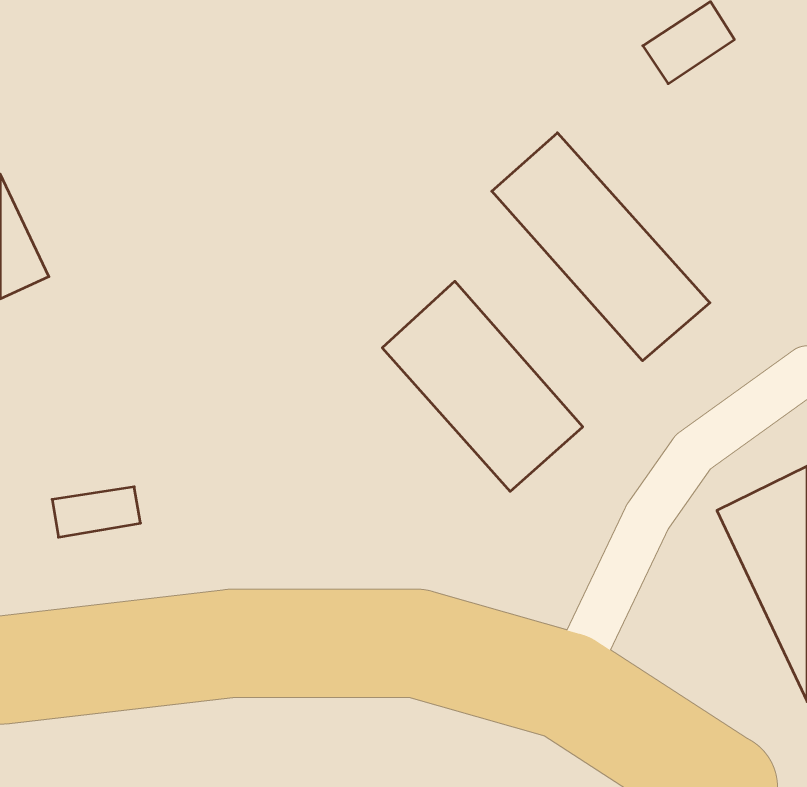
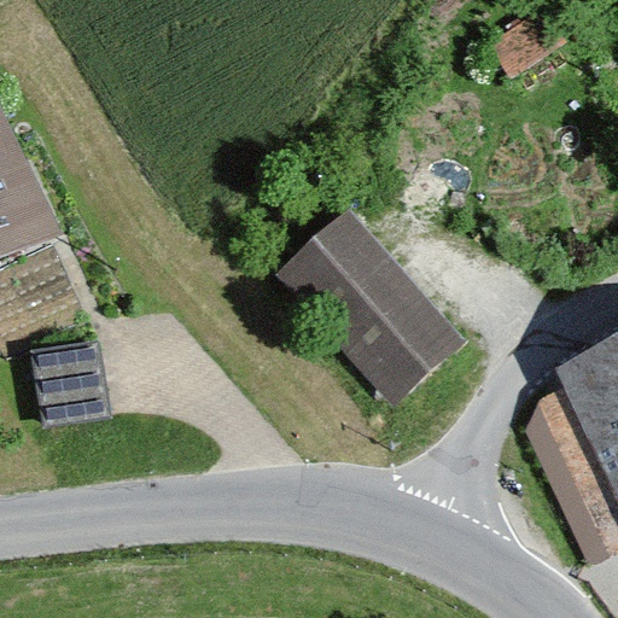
building: [492,133,710,361] -> none

